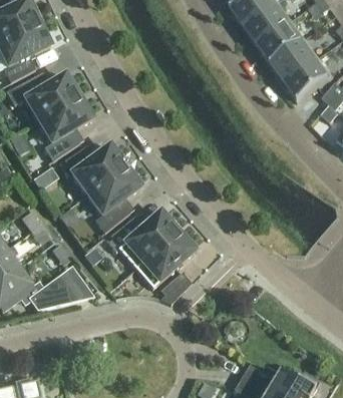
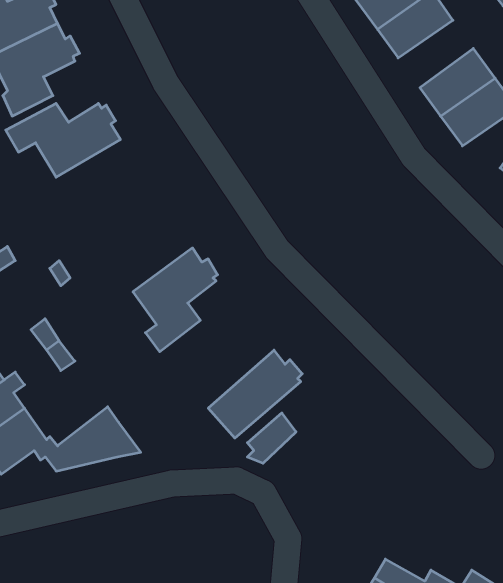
building: [257,20,305,63] -> none
building: [38,96,94,160] -> none
building: [59,144,125,193] -> none
building: [105,212,178,268] -> none

